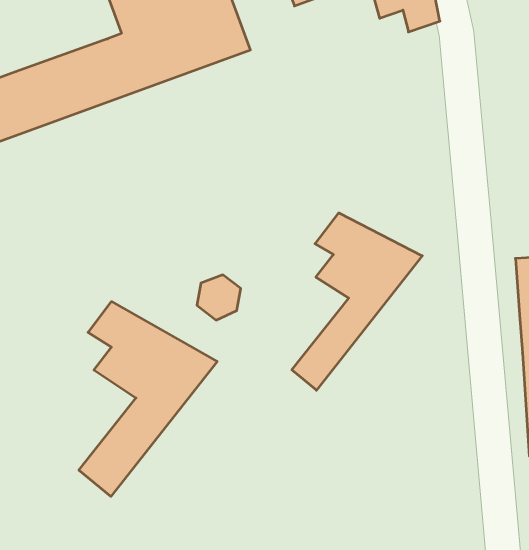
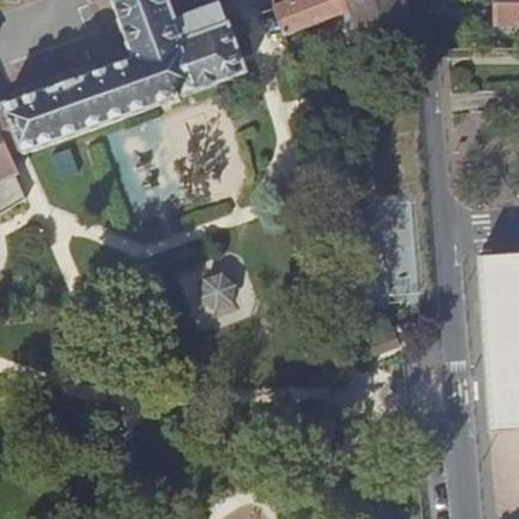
building: [292,213,422,390] -> none
building: [79,302,217,496] -> none

